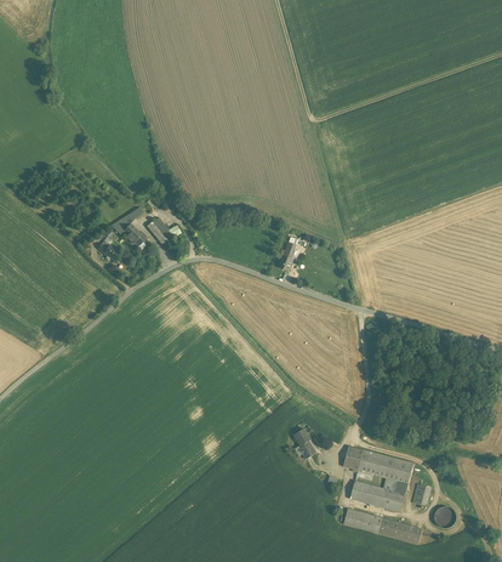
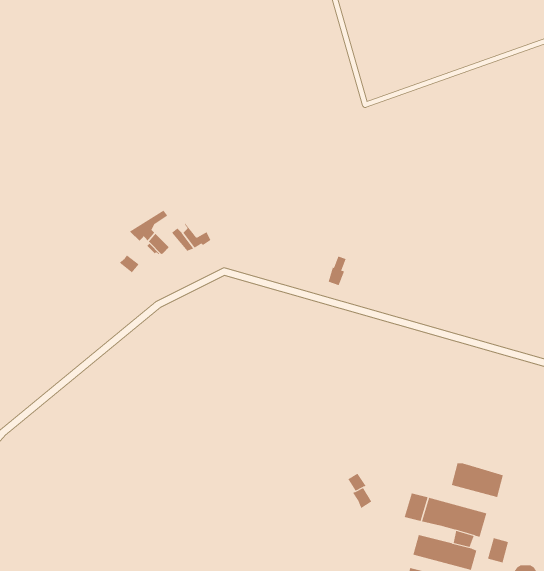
building: none -> [451,462,503,498]

